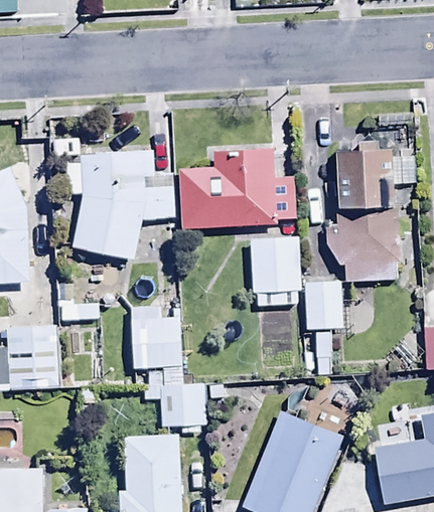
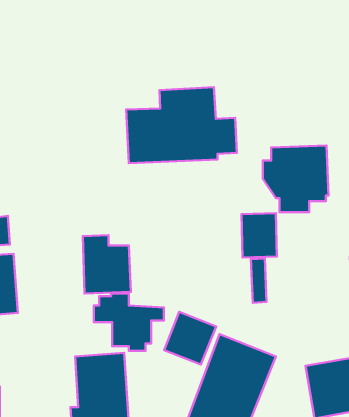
building: [336,142,416,207] -> none
building: [67,150,178,260] -> none
building: [251,235,302,307] -> none
building: none -> [164,312,216,365]

